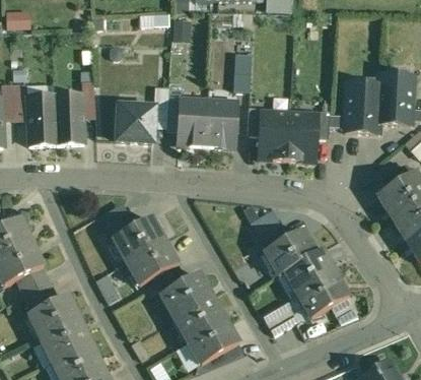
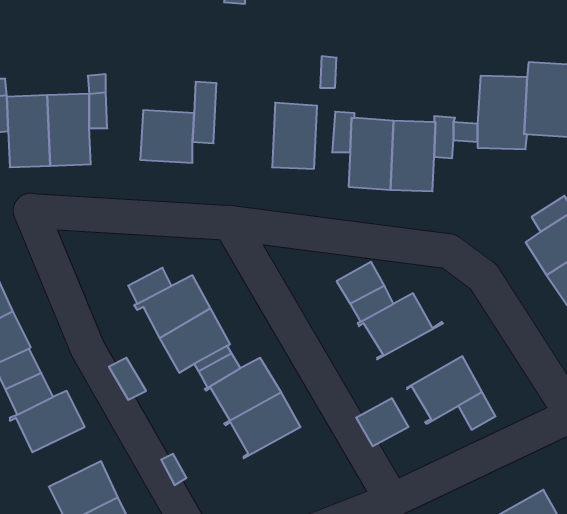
building: [178,100,208,144] -> none
building: [277,250,335,294] -> none
building: [44,320,90,361] -> none
building: [187,320,238,365] -> none

